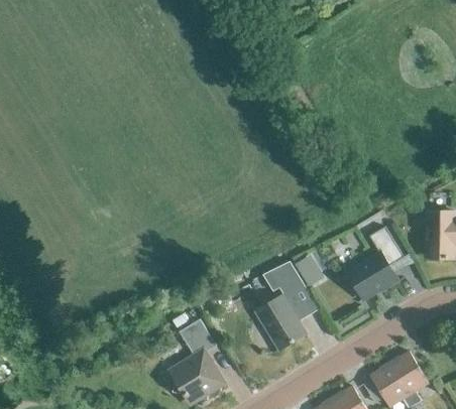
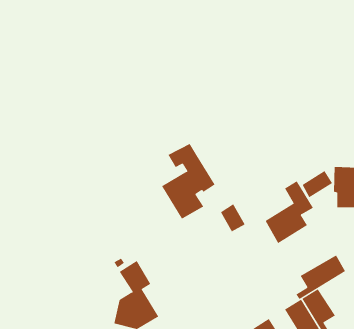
building: none -> [302,170,333,198]
building: [256,262,319,350] -> [161,143,215,220]
building: none -> [296,254,346,300]

